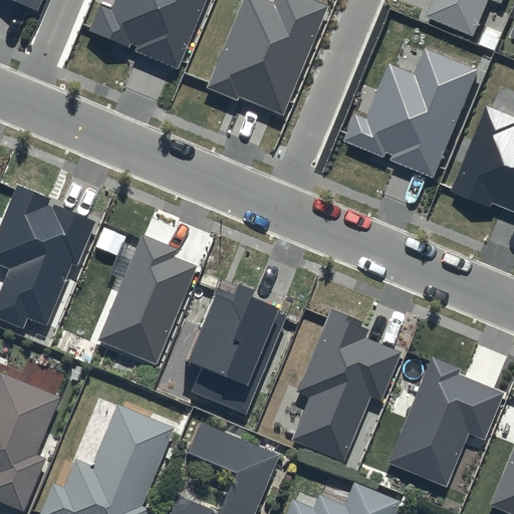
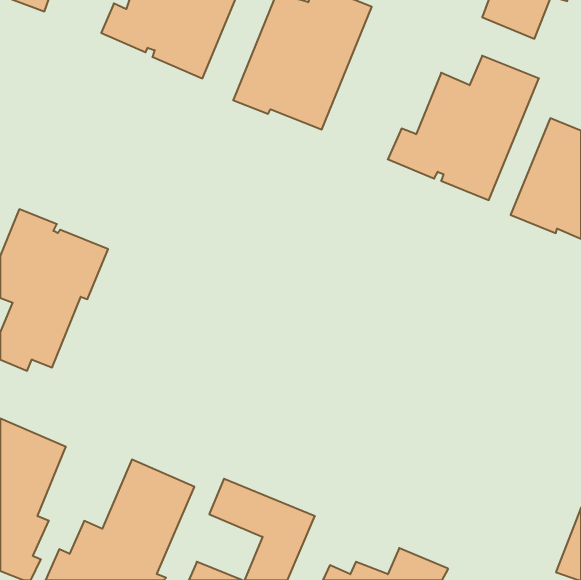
building: [99,234,197,363] -> none
building: [189,283,287,414] -> none
building: [293,308,403,462] -> none
building: [389,355,504,485] -> none

